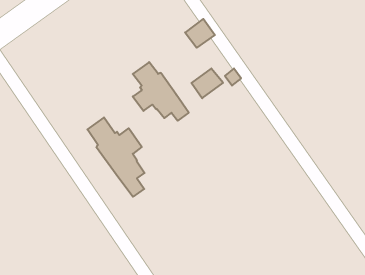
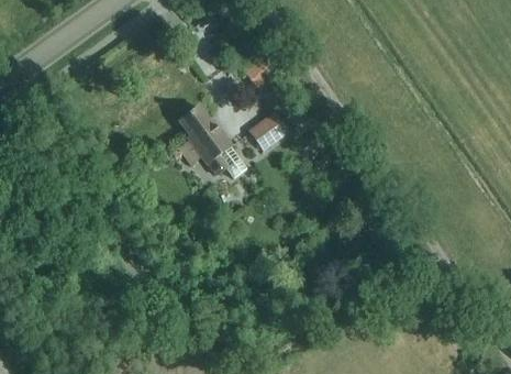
building: [87,117,145,197] -> none

